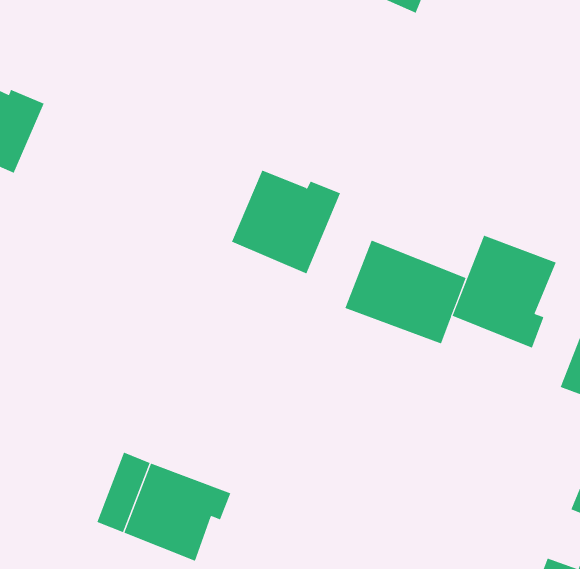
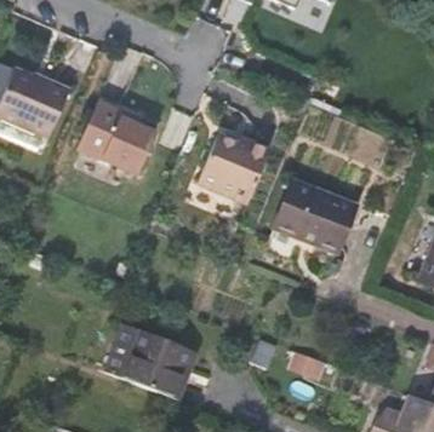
building: none -> [78,100,155,173]
building: [452,235,557,349] -> none

